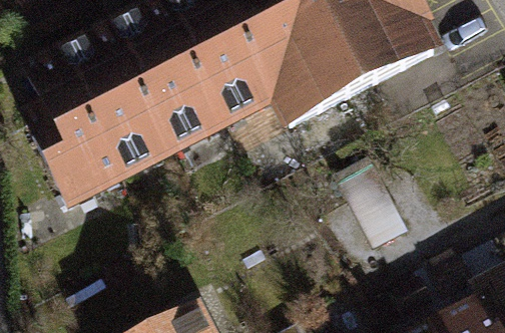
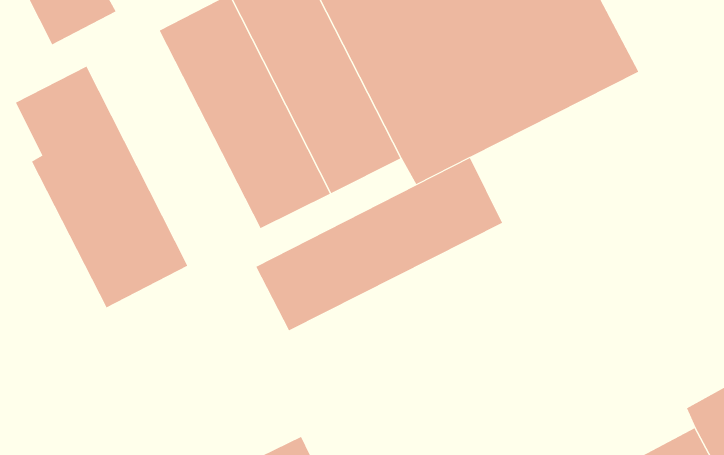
building: [61,24,179,185] -> none
building: none -> [255,157,503,331]

